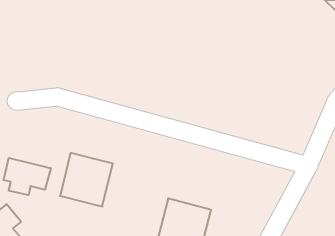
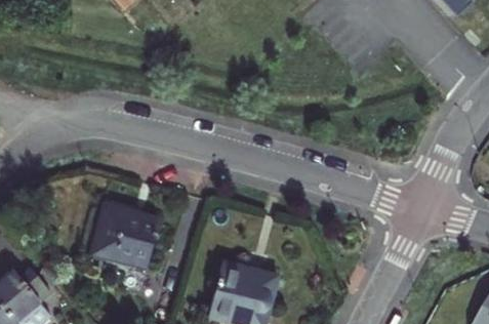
building: [3,158,51,195] -> none

